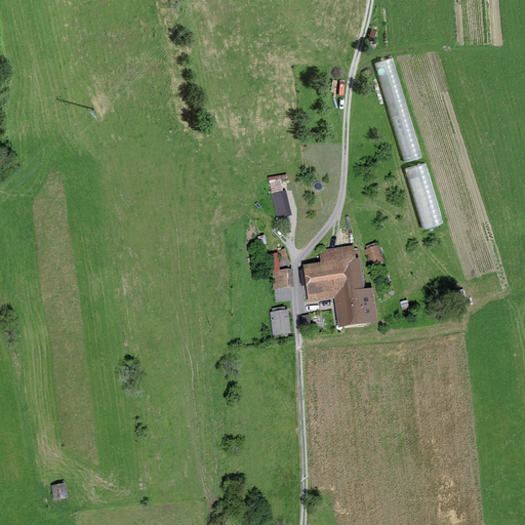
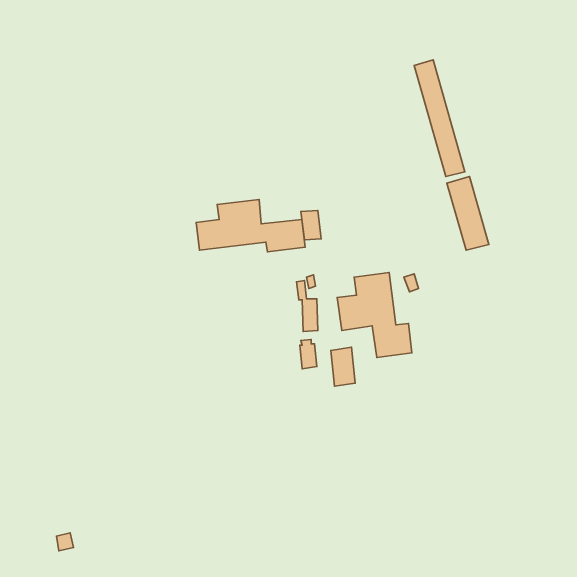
building: none -> [196,200,305,252]
building: none -> [331,347,355,386]

